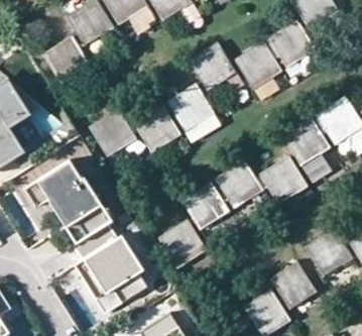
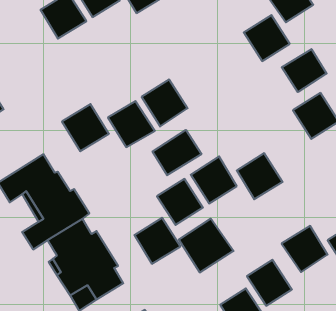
building: [44,38,90,84] -> none
building: [235,43,280,89] -> none
building: [189,44,234,90] -> none
building: none -> [282,49,327,92]
building: [283,120,328,165] -> none
building: none -> [153,130,201,175]
building: none -> [179,219,234,273]

